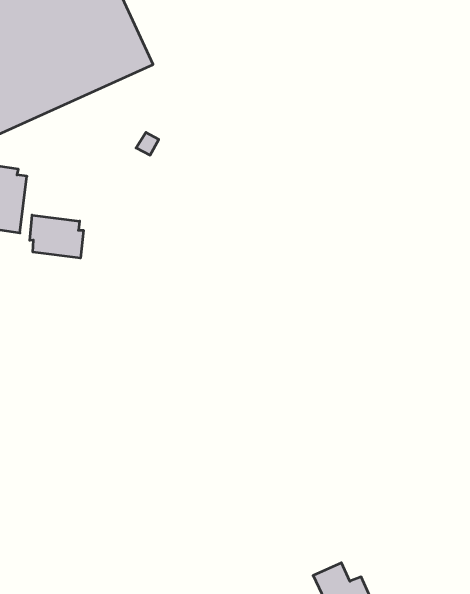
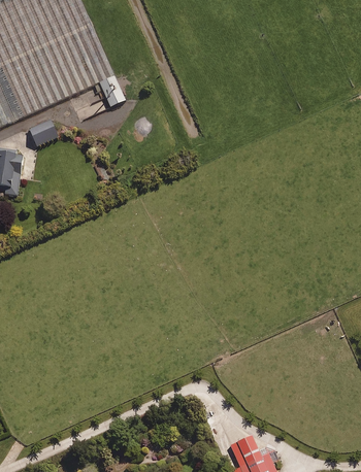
building: none -> [29,120,57,145]
building: [30,215,83,258] -> none

